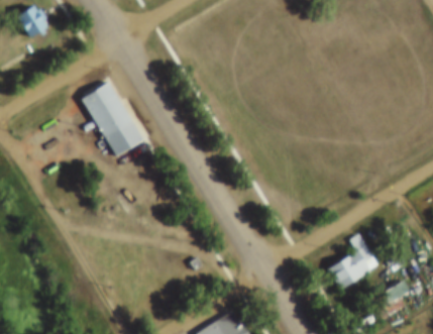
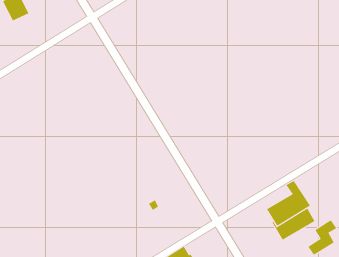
building: [80,81,143,155] -> none

